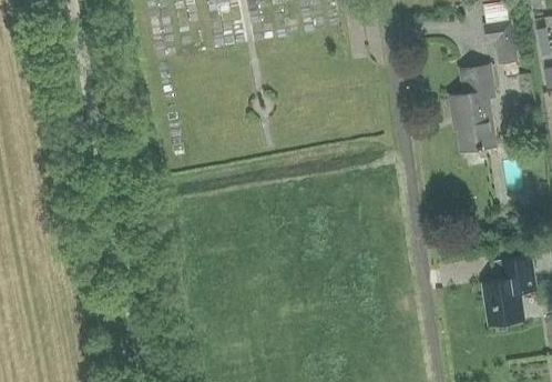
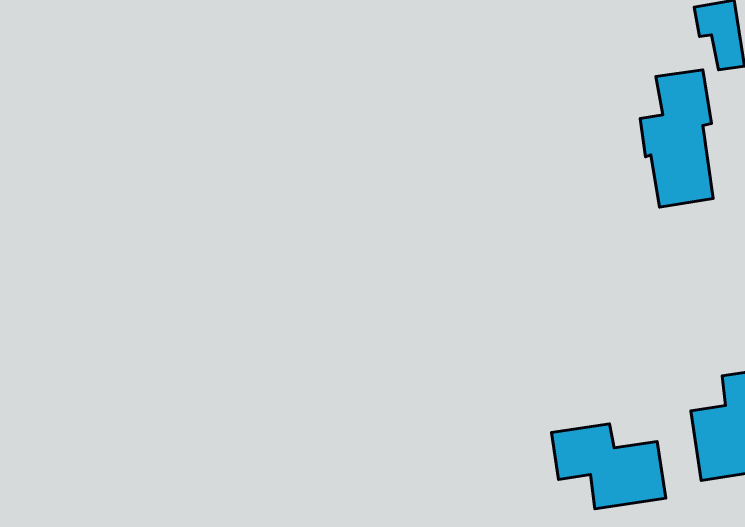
building: none -> [552,424,666,509]

